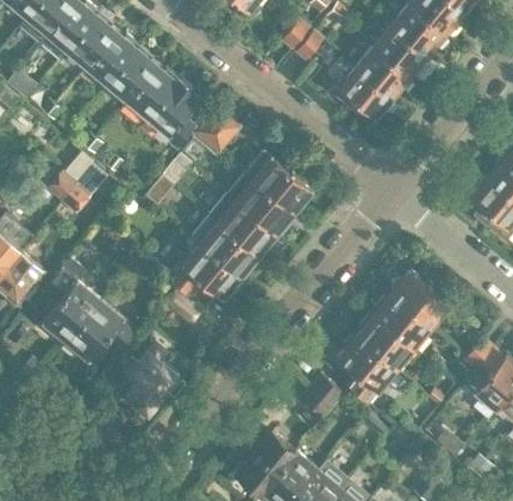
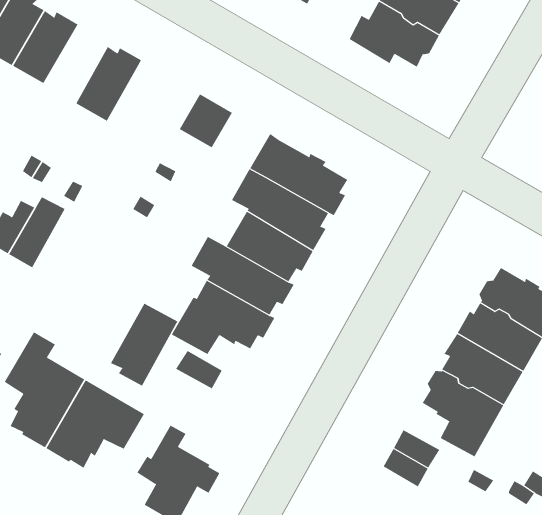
building: [107,45,157,101] -> none
building: [148,79,199,149] -> none
building: none -> [110,303,178,387]

